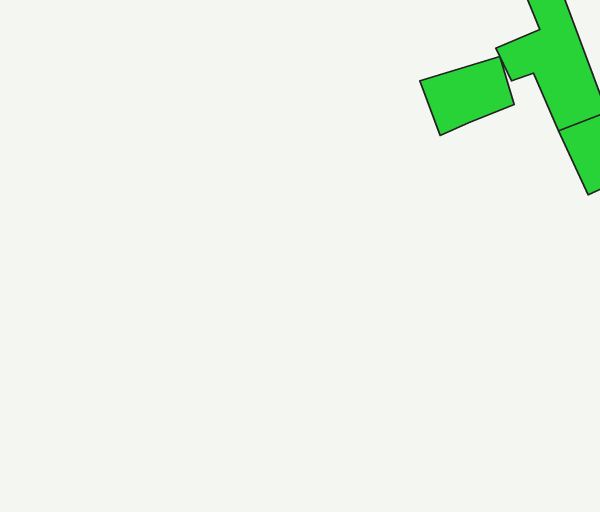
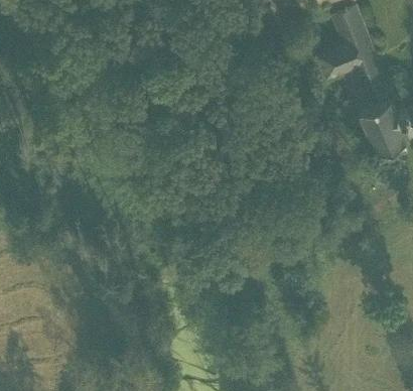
building: [420,56,514,135] -> none

